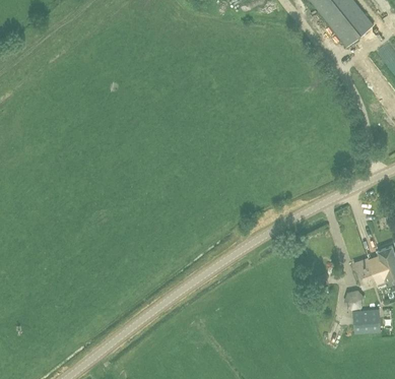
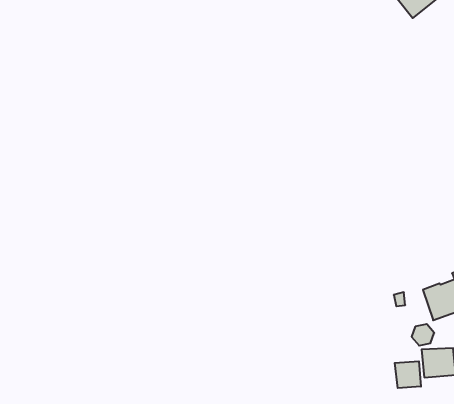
building: none -> [395,361,421,388]

